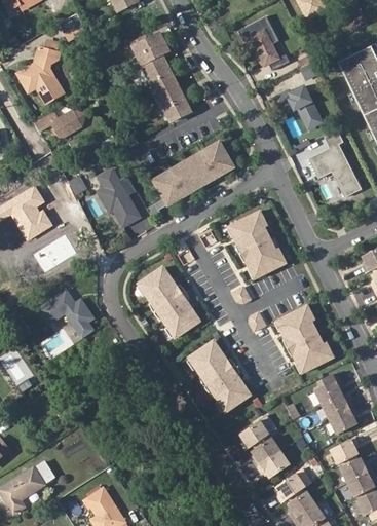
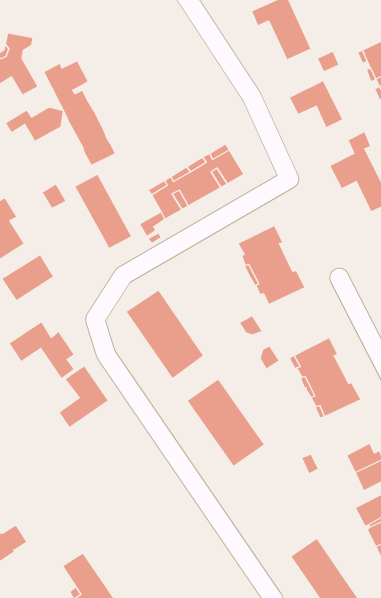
building: [133,32,193,120] -> [43,61,115,166]
building: none -> [59,365,109,428]
building: [314,377,343,404] -> none
building: [236,418,292,479] -> none

